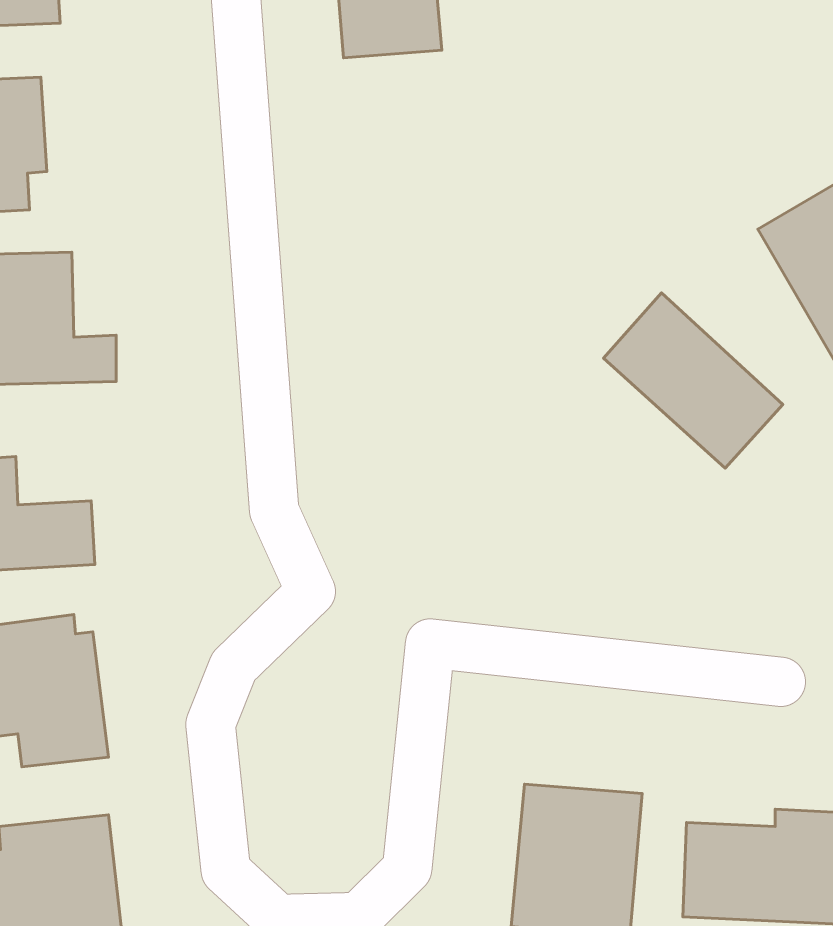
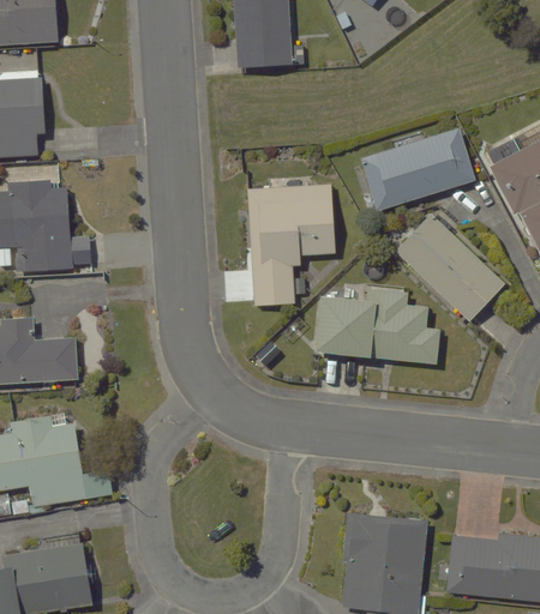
building: none -> [358,124,475,211]
building: none -> [247,179,335,306]
building: none -> [312,283,444,363]

